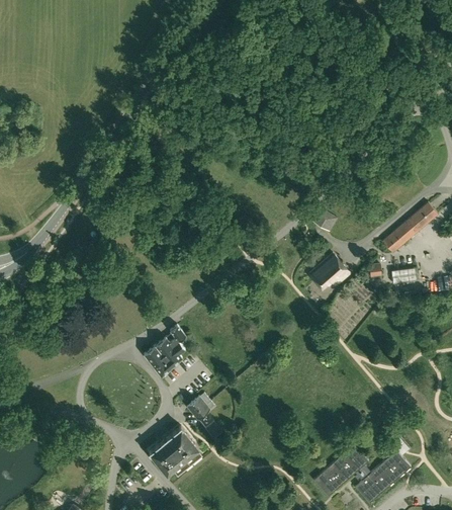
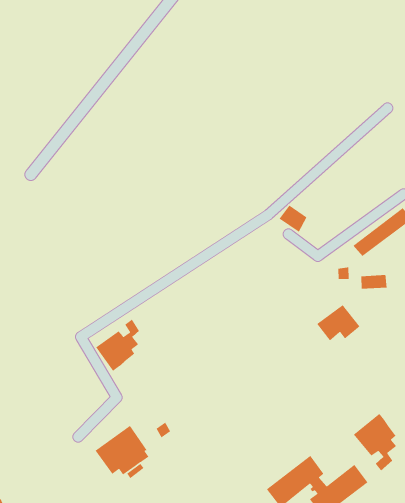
building: [308,254,351,290] -> [316,304,361,342]
building: [187,393,214,420] -> none
building: none -> [353,413,397,472]

